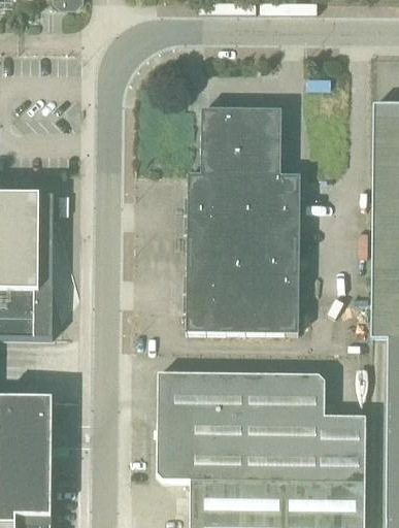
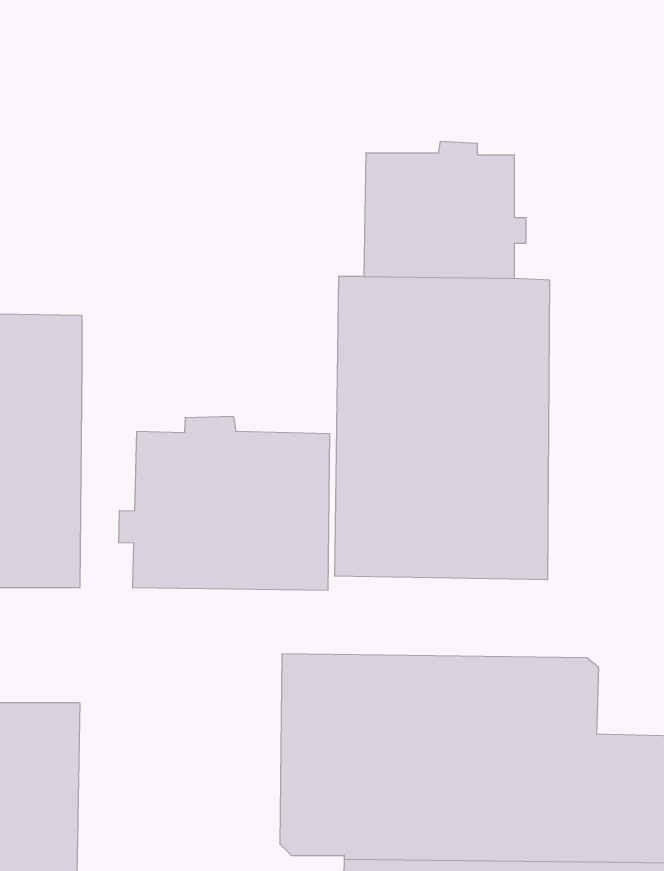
building: none -> [119,416,329,590]

